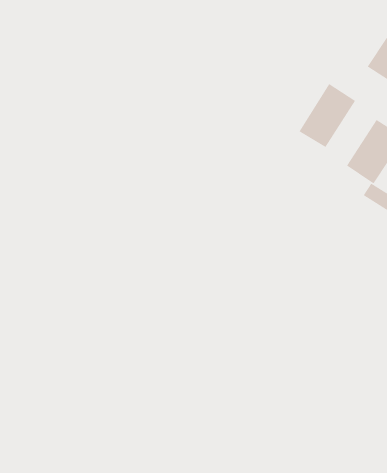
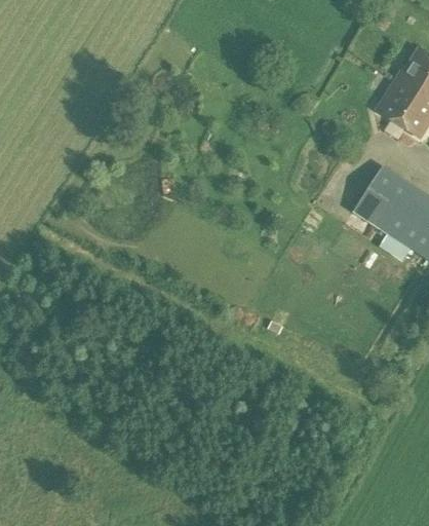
building: [299,83,356,148] -> none

